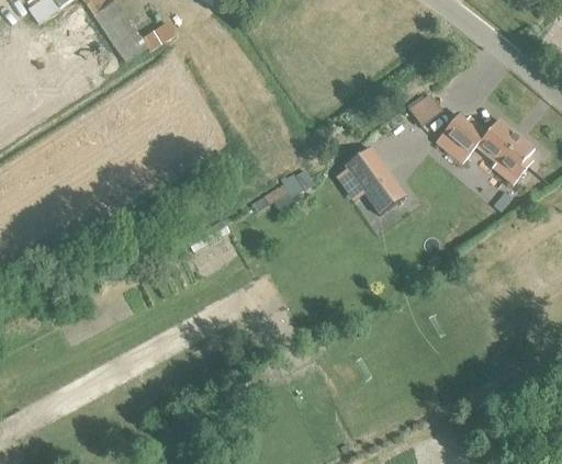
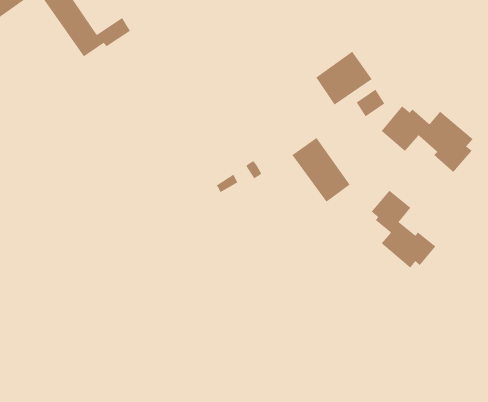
building: none -> [315,51,372,105]
building: none -> [371,190,436,268]

